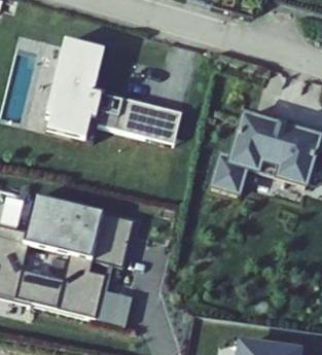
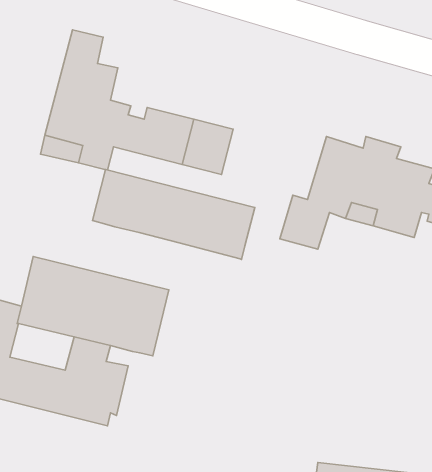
building: none -> [93,170,255,259]
building: [90,265,135,328] -> none

